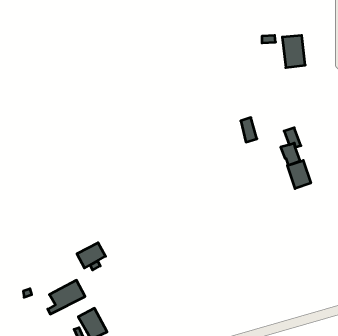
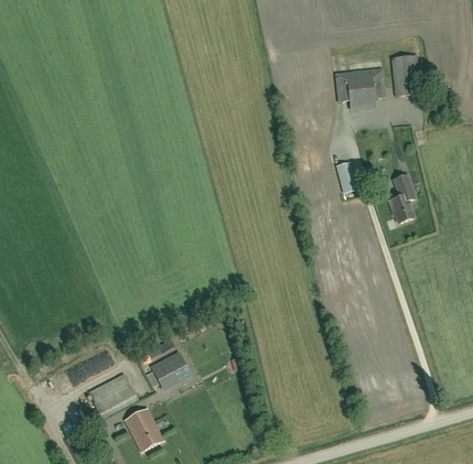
building: none -> [335,68,386,104]
building: [287,160,311,189] -> none
building: [77,243,106,268] -> [151,353,189,386]

